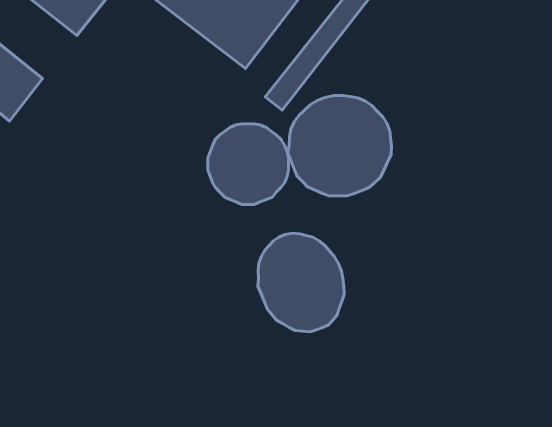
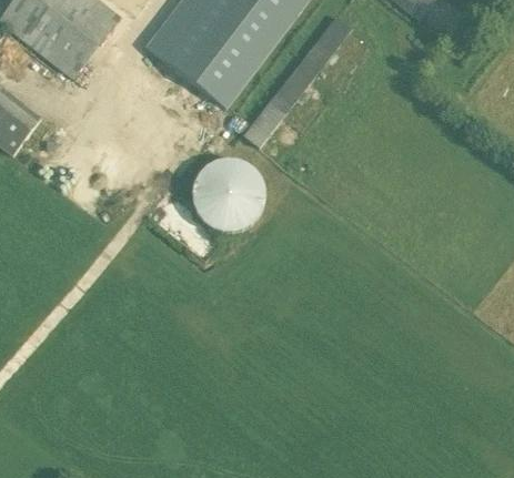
building: [288,95,391,196] -> none
building: [258,233,344,332] -> none

